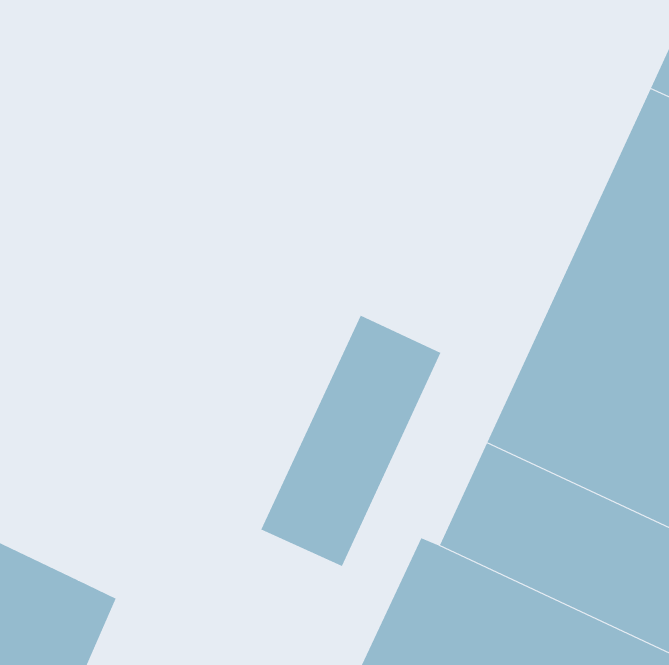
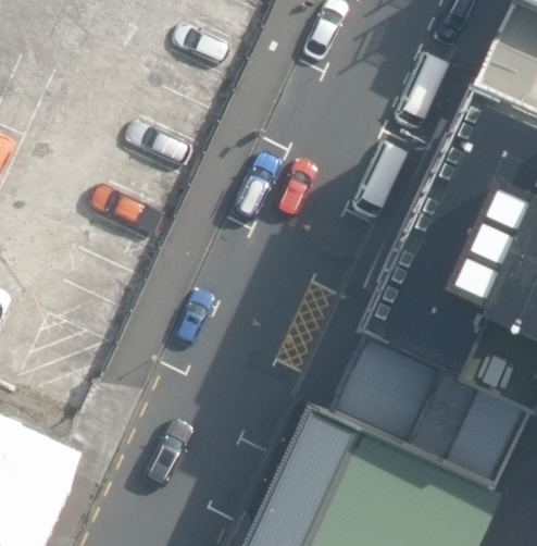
building: [260,315,441,567] -> none

